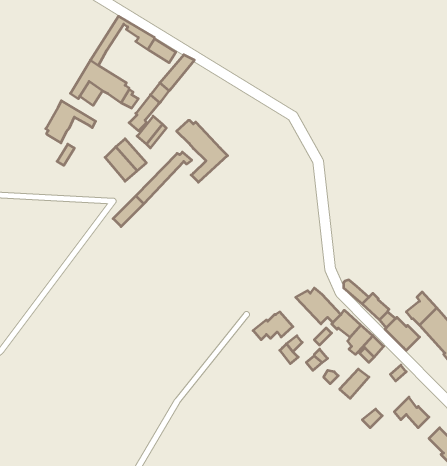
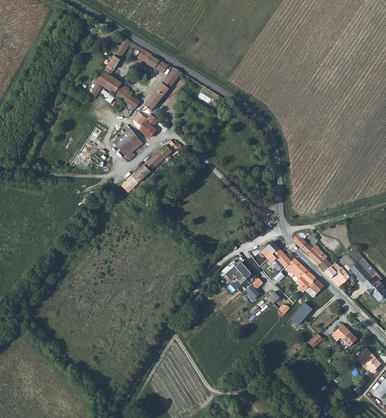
building: [46,101,96,143] -> none
building: [177,120,228,182] -> none

